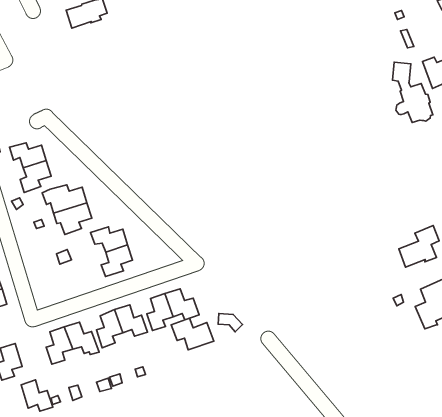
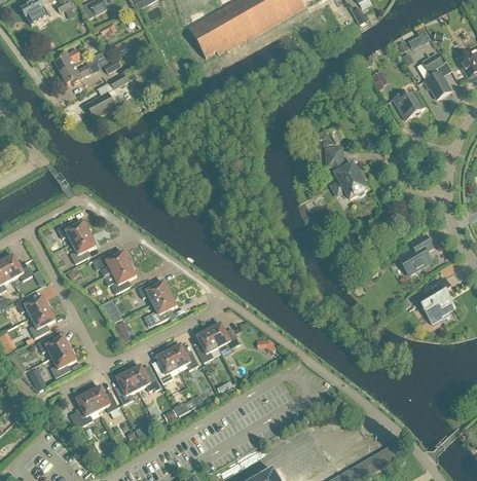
building: [392,62,433,122] -> [326,148,366,197]
building: [171,318,214,350] -> none
building: [21,380,53,411] -> [88,385,118,411]

